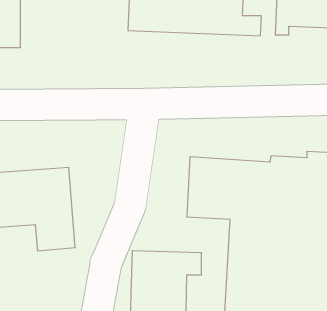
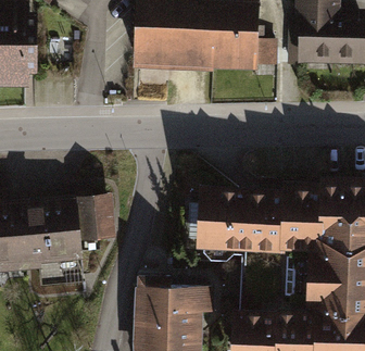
building: none -> [80,197,114,243]

